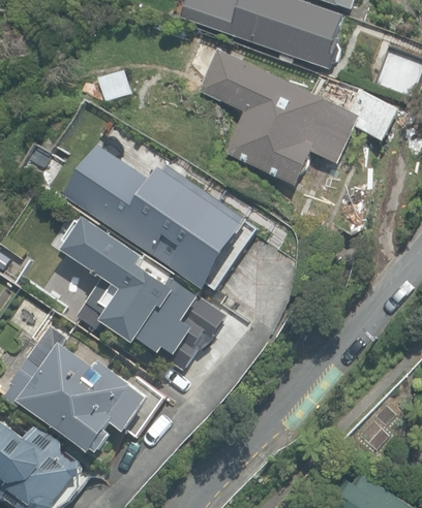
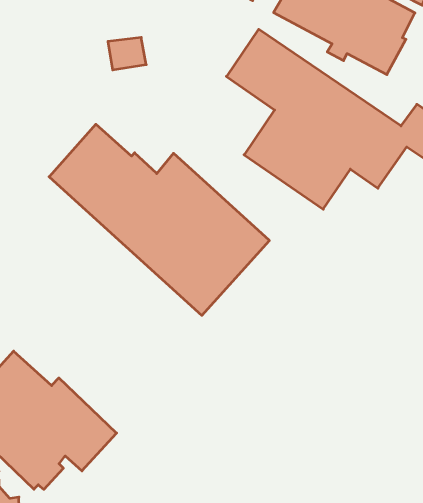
building: [61,216,224,373] -> none

